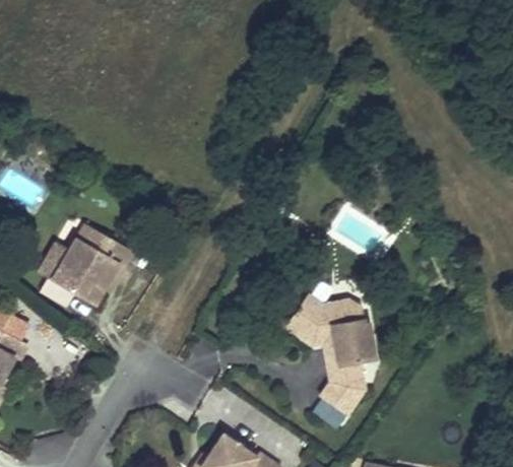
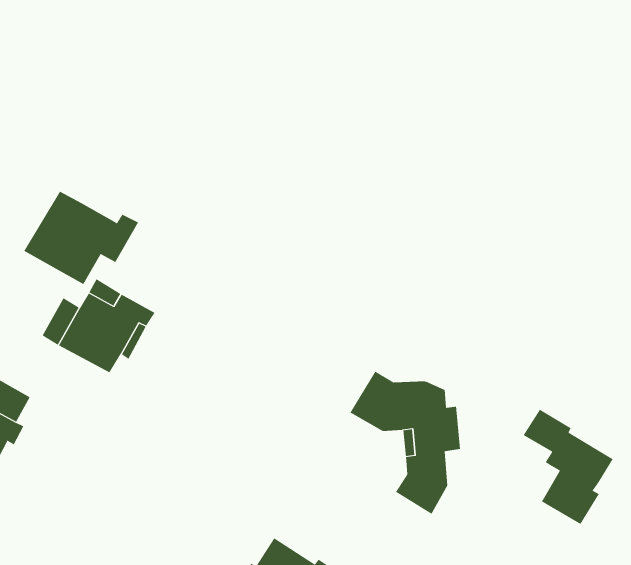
building: none -> [24,191,139,285]
building: none -> [523,409,613,525]

